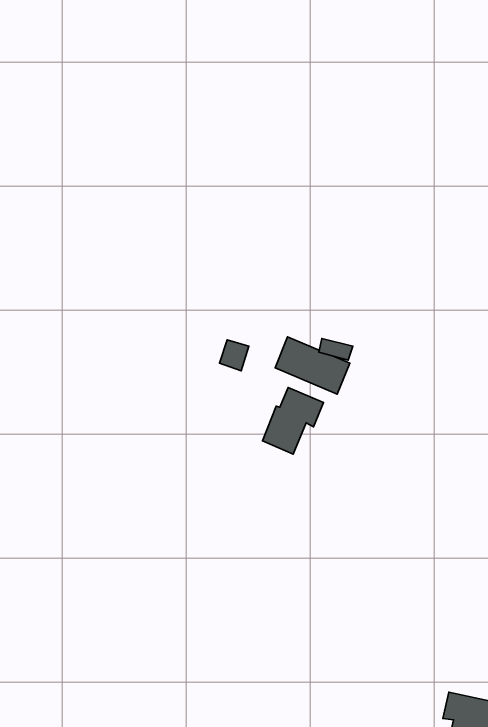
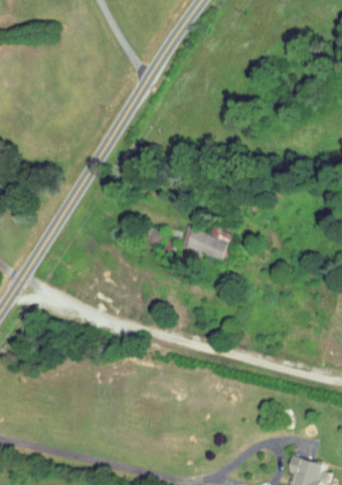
building: [262,387,324,454] -> none

